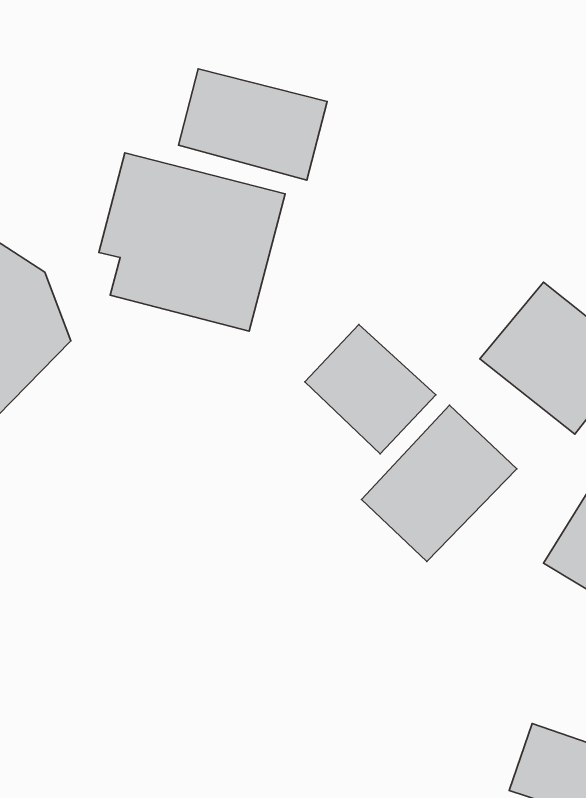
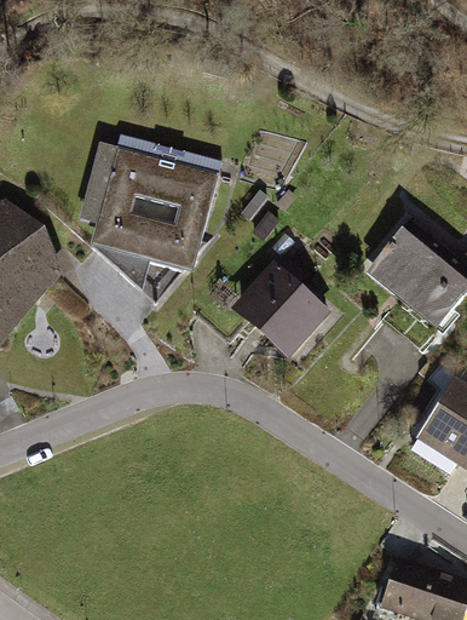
building: [178,69,327,180] -> none
building: [361,405,517,561] -> none

